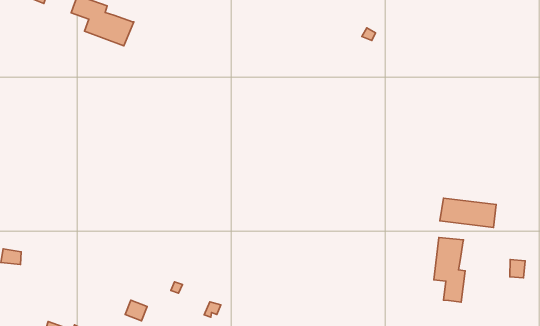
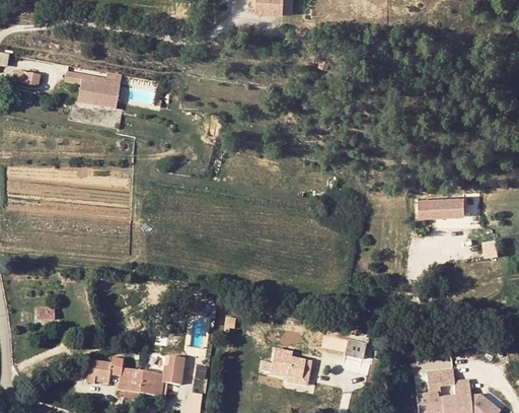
building: [434,238,465,302] -> none

